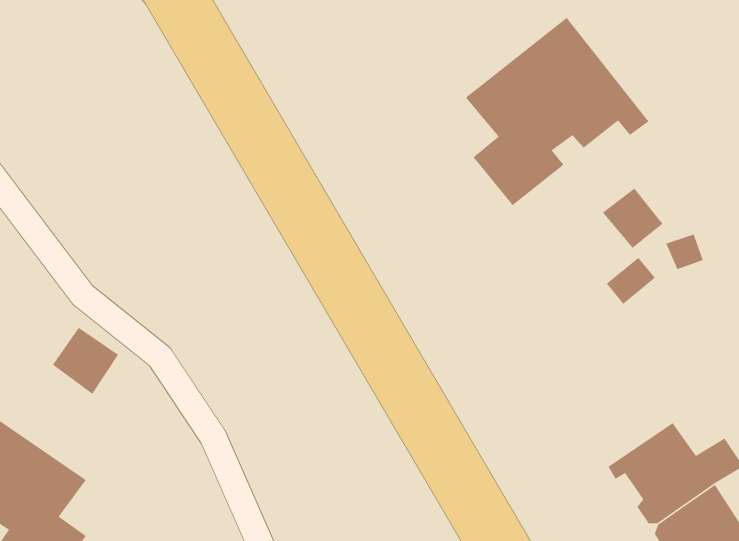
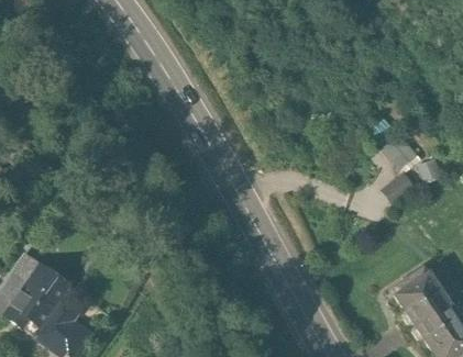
building: [465,17,650,206] -> none
building: [52,327,119,395] -> none

